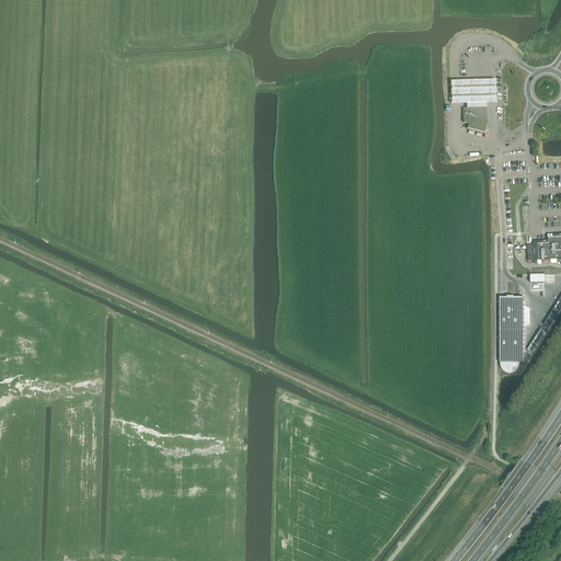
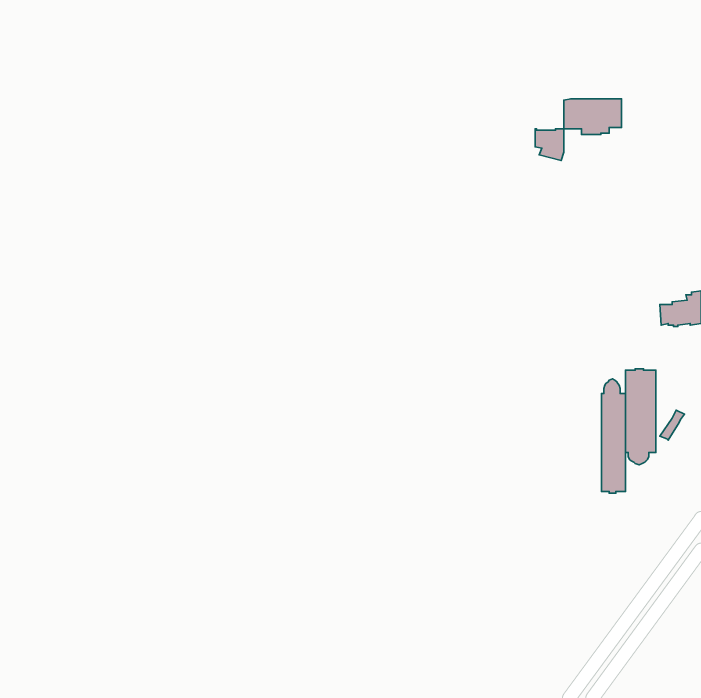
building: [463,106,486,131] -> [535,129,564,160]
building: none -> [602,379,626,493]

